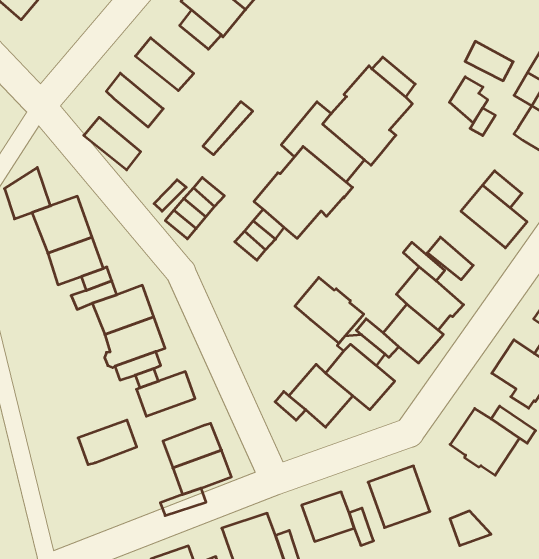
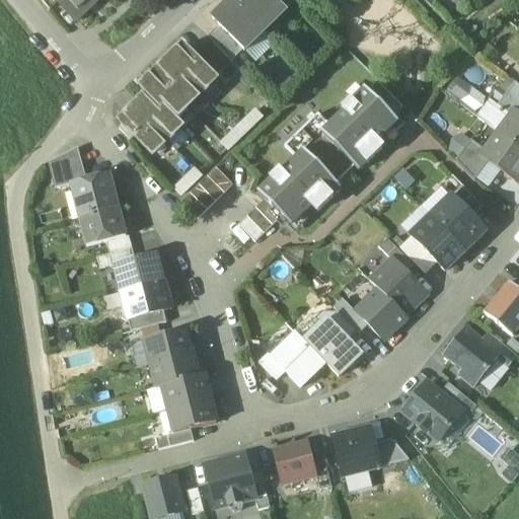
building: none -> [155,58,203,104]
building: [449,77,488,123] -> [456,138,489,177]
building: none -> [134,92,181,139]
building: none -> [411,214,465,269]
building: [295,277,364,343] -> none
building: [78,420,137,465] -> [150,351,199,385]
building: [450,511,491,546] -> [375,436,409,464]

